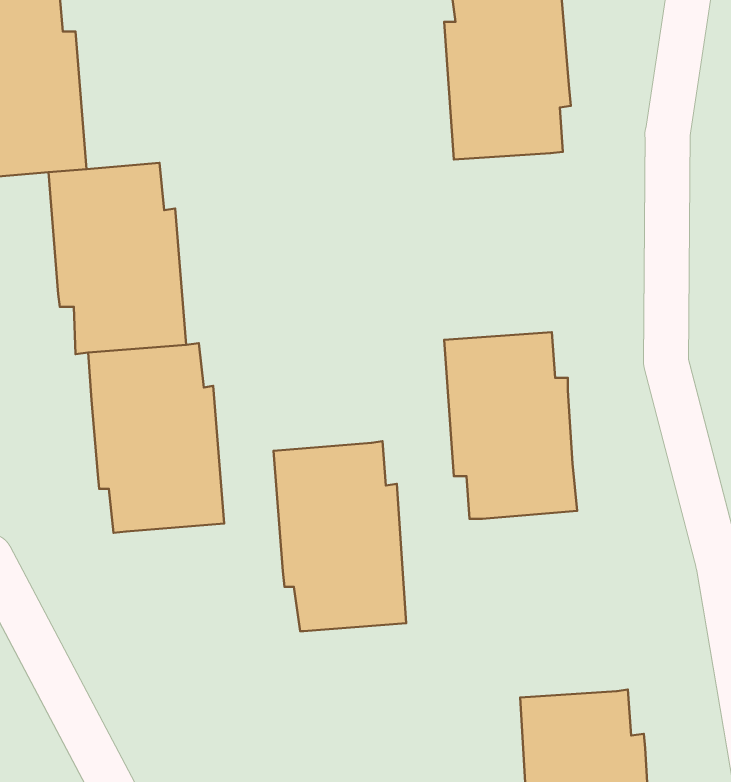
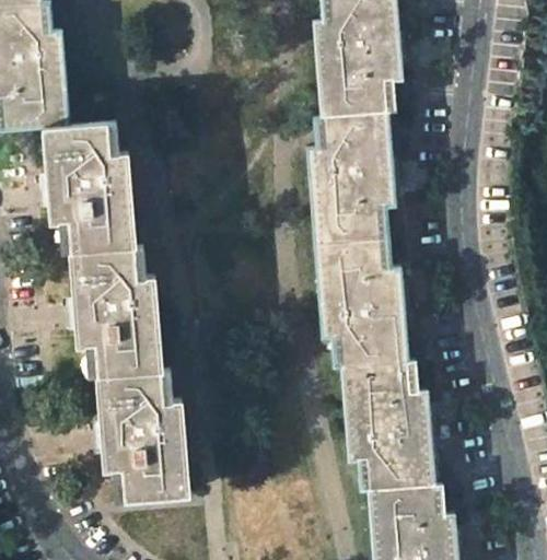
building: none -> [309,113,395,242]
building: [273,441,406,631] -> [95,368,187,499]
building: none -> [341,360,434,490]

